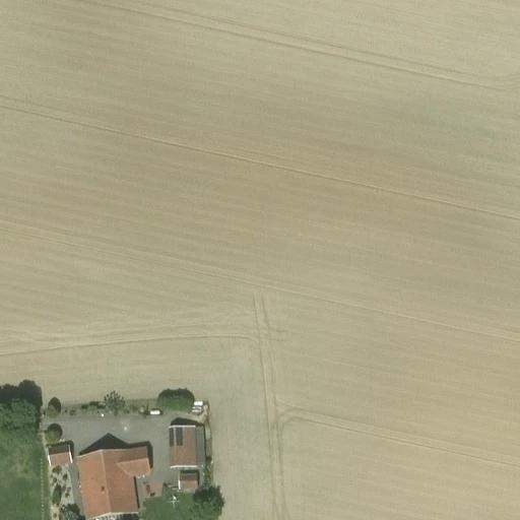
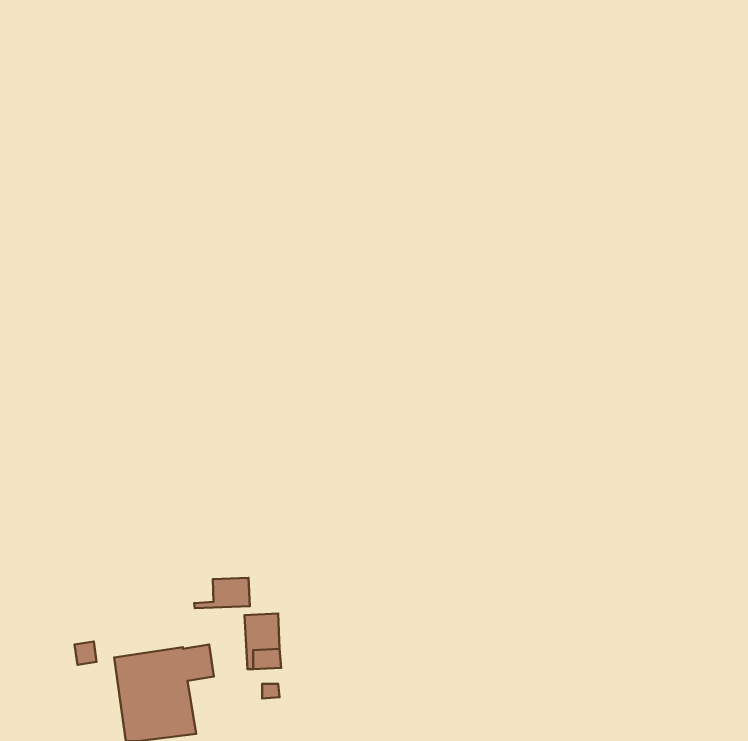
building: none -> [194,578,250,608]

